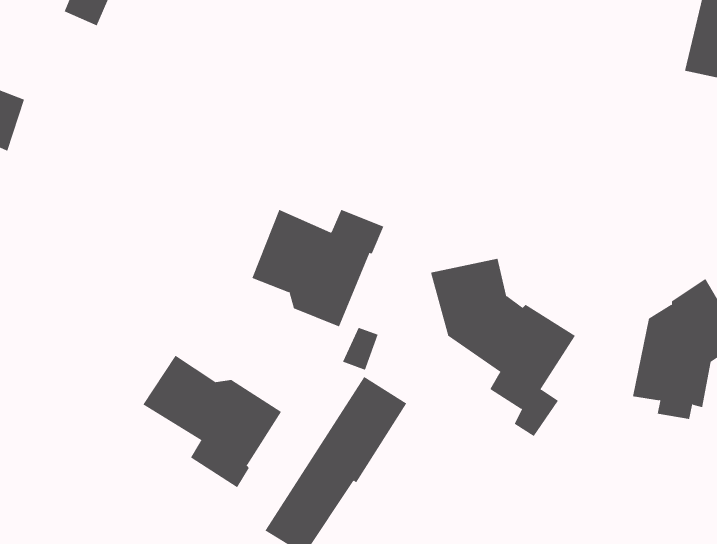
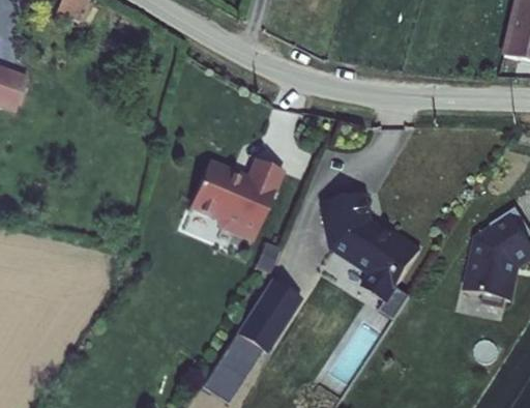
building: [143,355,282,488] -> none

